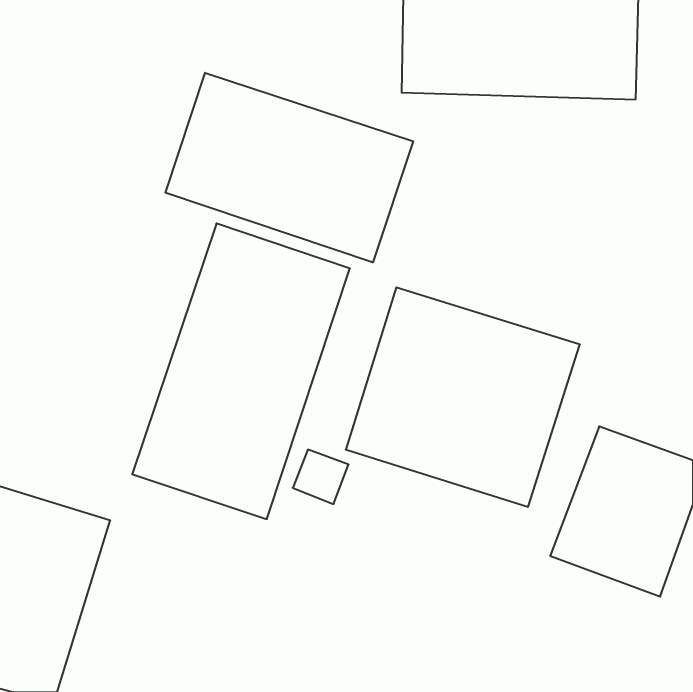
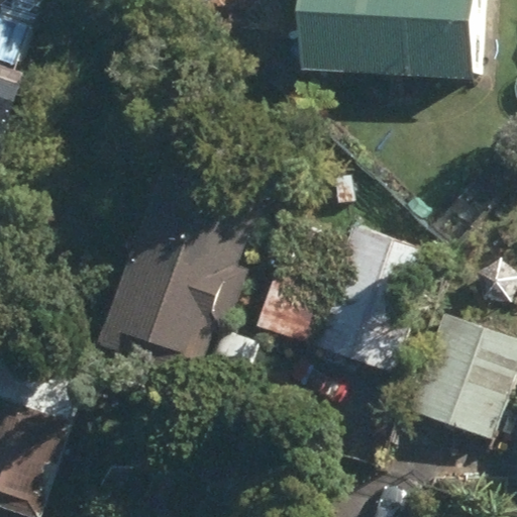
building: [165,73,413,262] -> none

